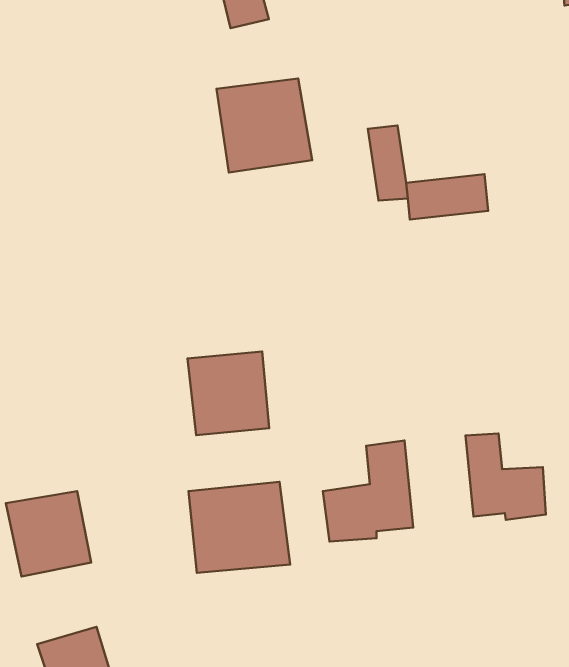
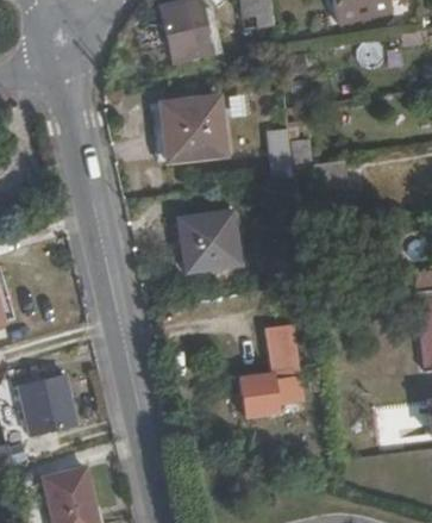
building: [187,351,269,435] -> [183,208,239,266]
building: [465,433,546,520] -> none
building: [189,482,290,573] -> none

